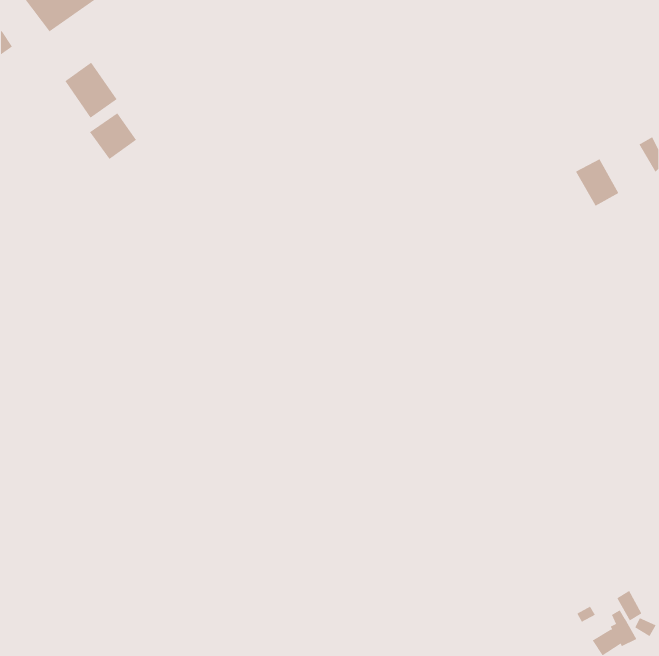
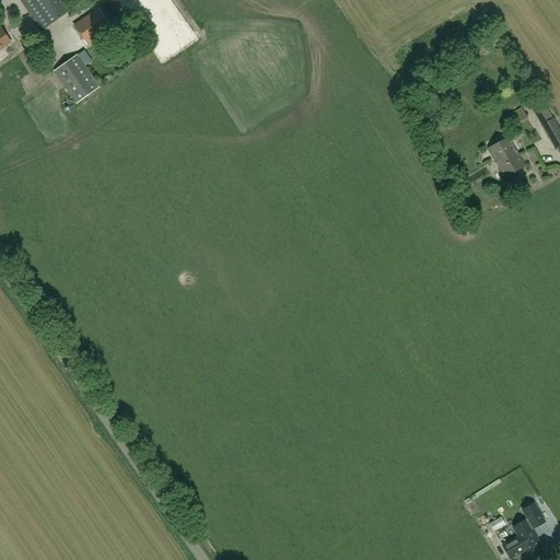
building: none -> [71,10,107,45]
building: [89,112,137,160] -> none

